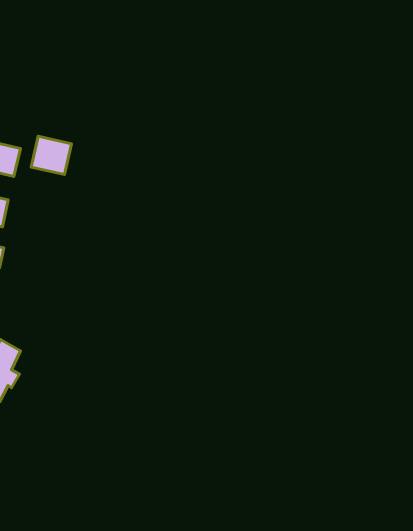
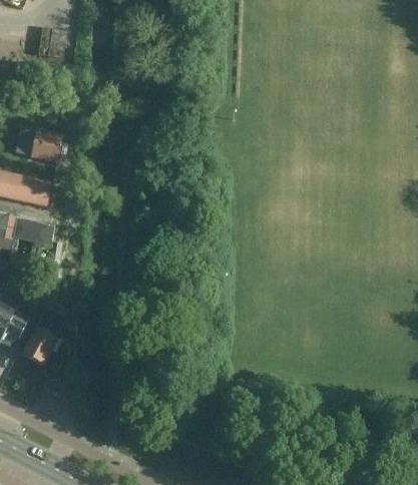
building: [31,136,72,175] -> none

